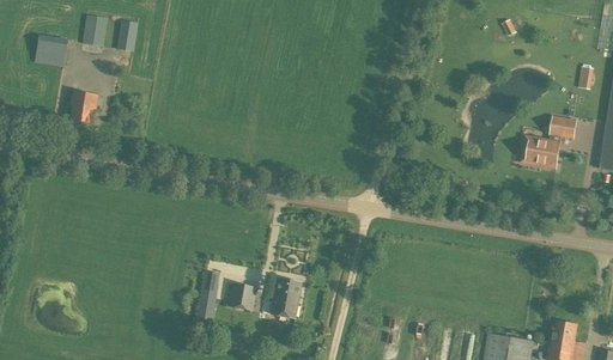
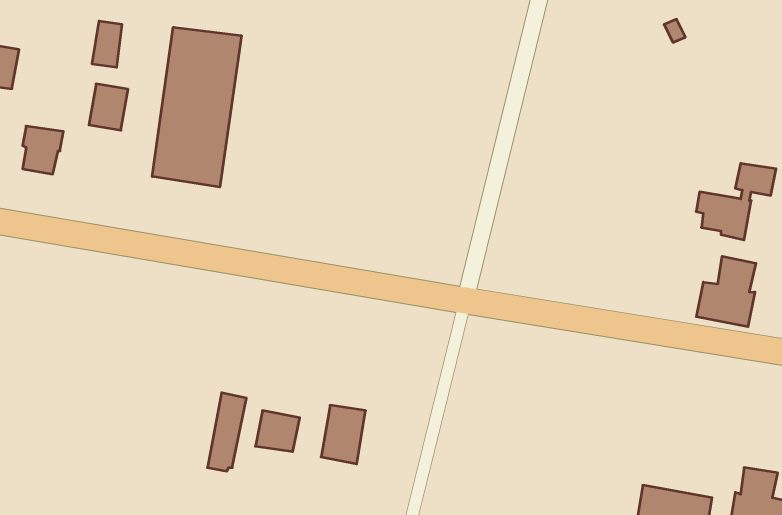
building: [81,14,108,45] -> [89,84,128,130]
building: none -> [152,27,241,187]
building: none -> [696,256,756,327]

